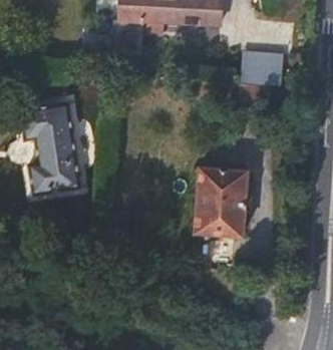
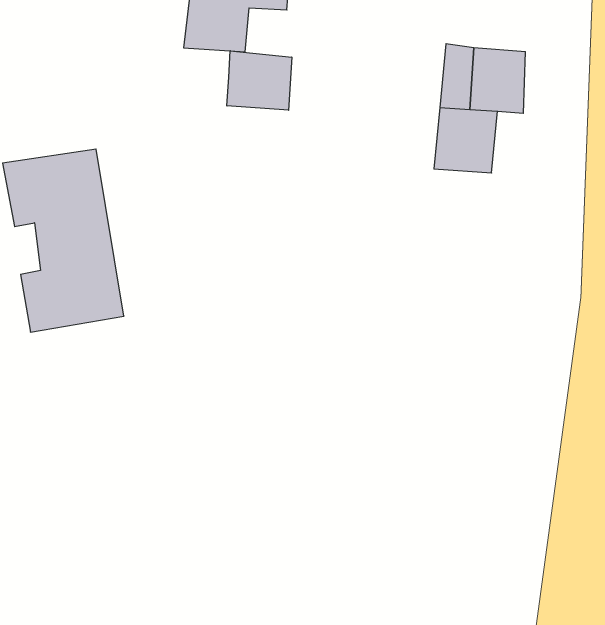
building: none -> [227,51,292,110]
building: [196,167,248,238] -> none

